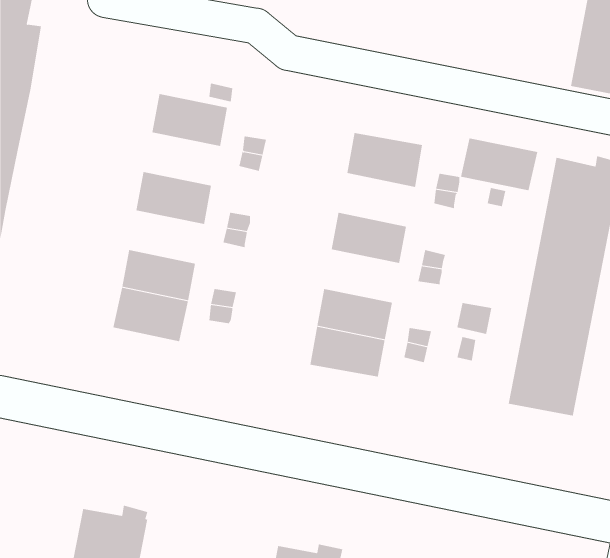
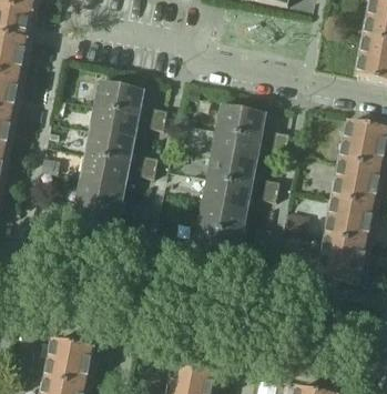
building: none -> [90,103,139,137]
building: [460,138,538,191] -> [212,129,261,162]
building: none -> [81,152,129,185]
building: none -> [203,176,251,210]

